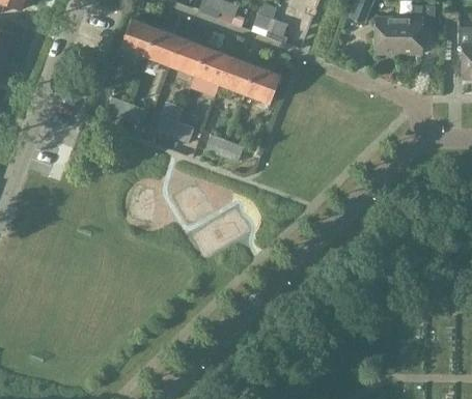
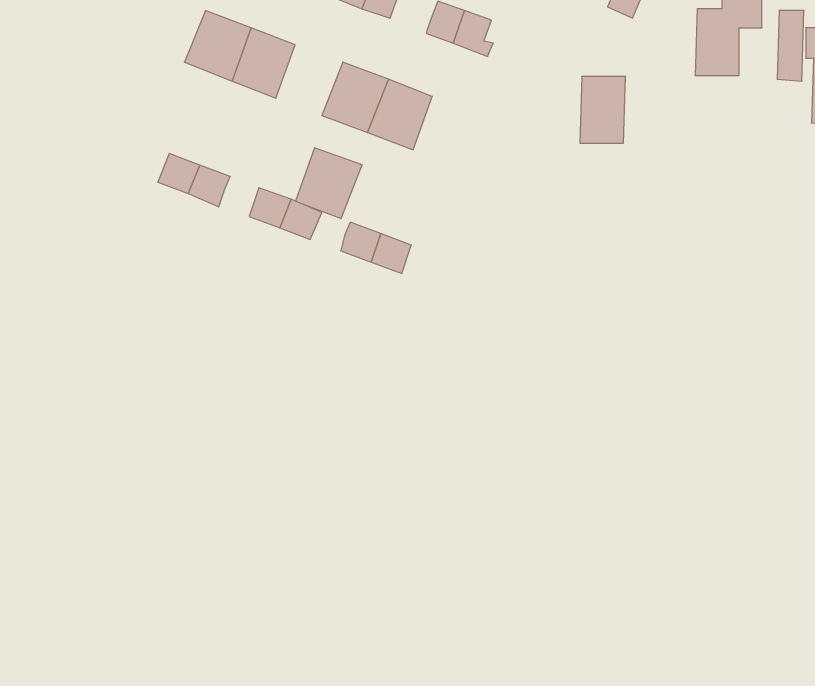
building: [372,17,397,53] -> [580,76,626,143]
building: [168,36,204,75] -> [295,148,362,218]
building: [243,64,278,103] -> none

